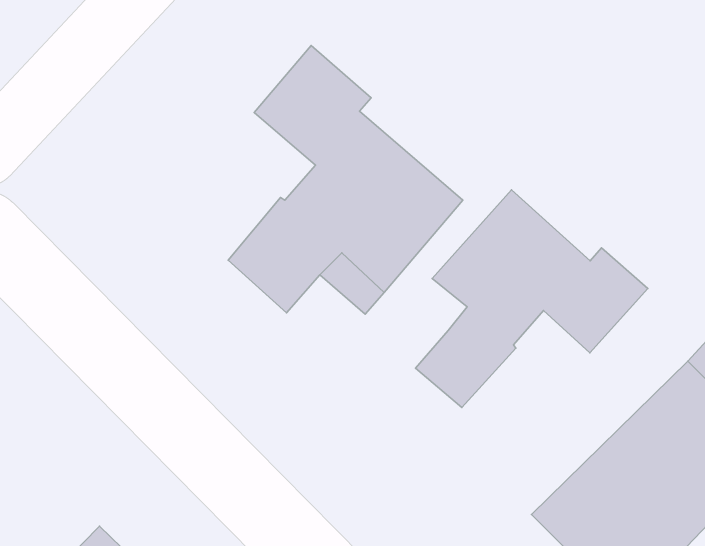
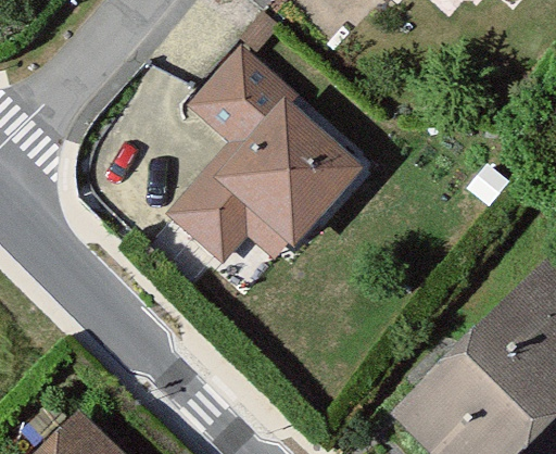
building: [415,190,648,408] -> none

